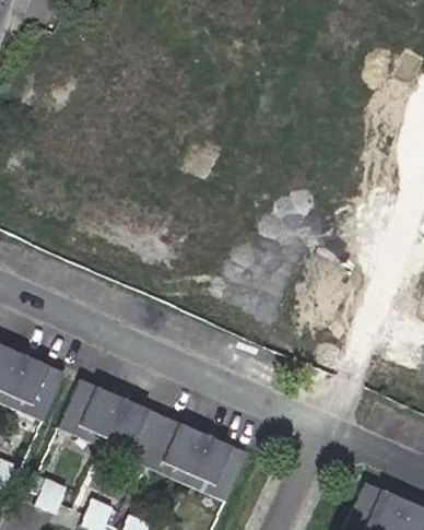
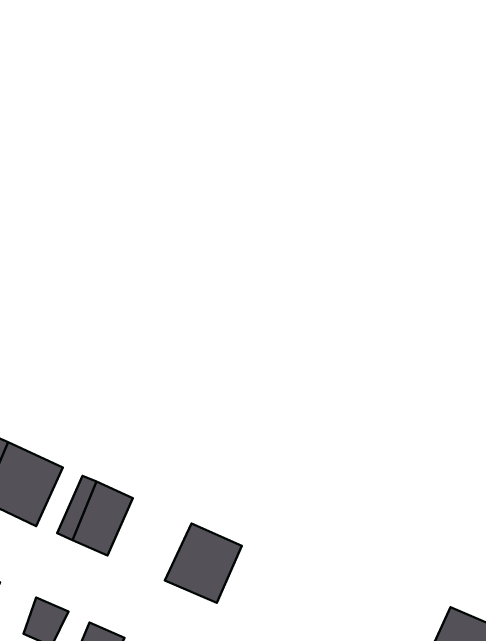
building: [98,398,164,462] -> none
building: [184,435,245,499] -> none

